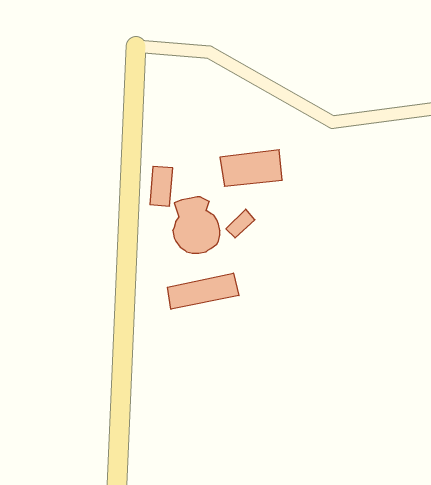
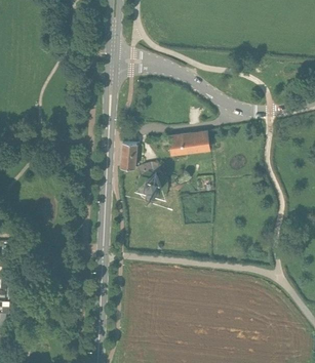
building: [167,273,239,309] -> none

